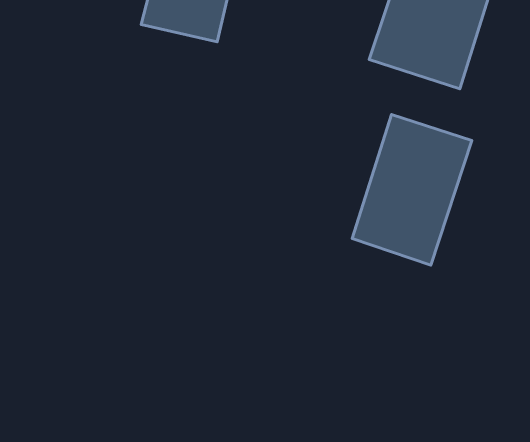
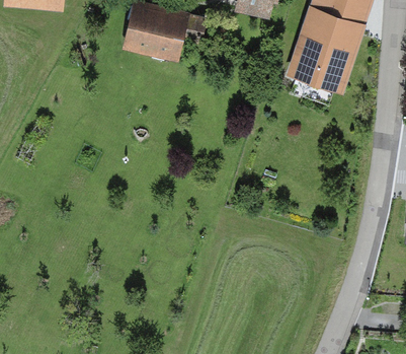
building: [352,114,472,265] -> none

